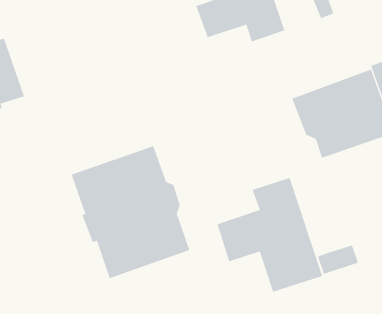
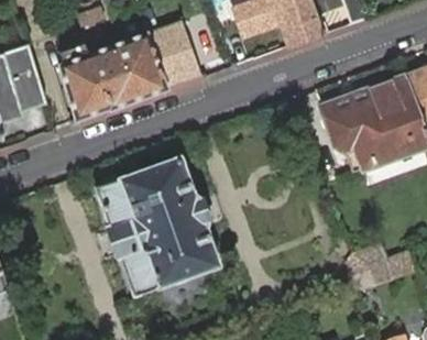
building: none -> [55,21,199,119]
building: [217,177,323,292] -> none

